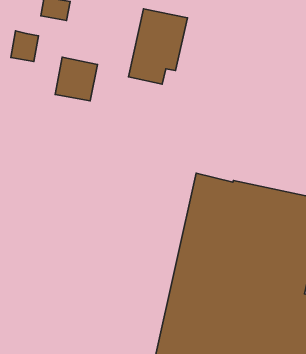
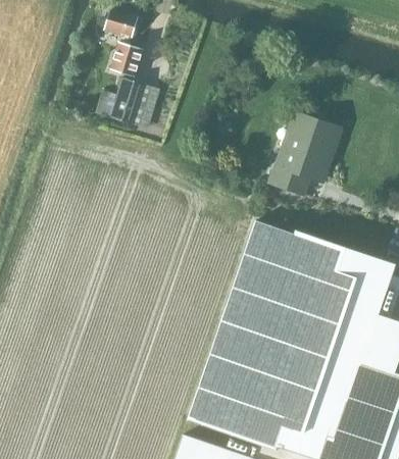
building: [129,9,187,84] -> [270,112,342,197]
building: [11,31,38,62] -> [111,42,144,78]

